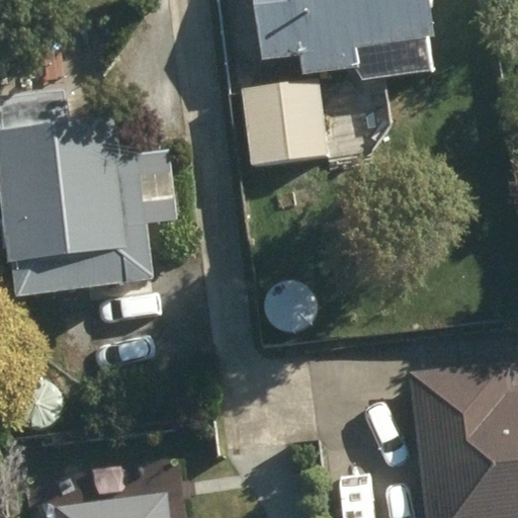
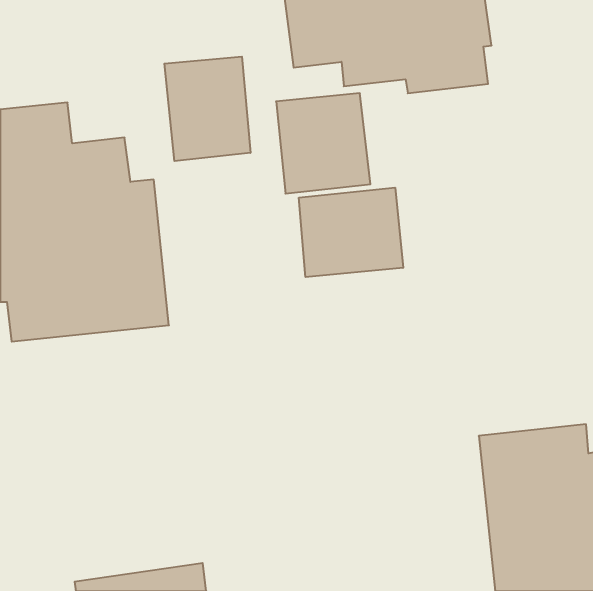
building: none -> [164,57,250,161]
building: none -> [299,188,403,277]

